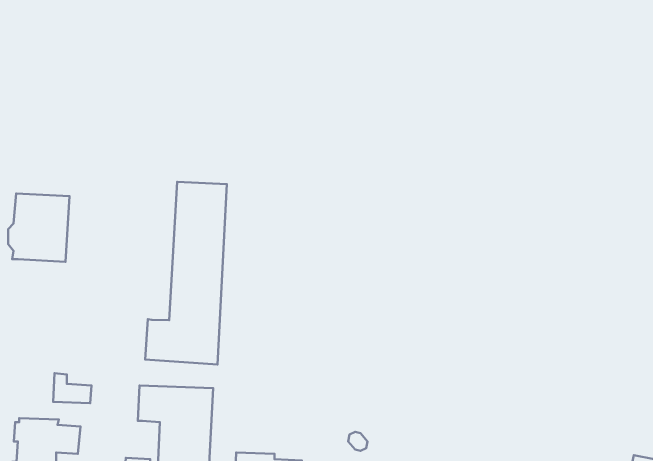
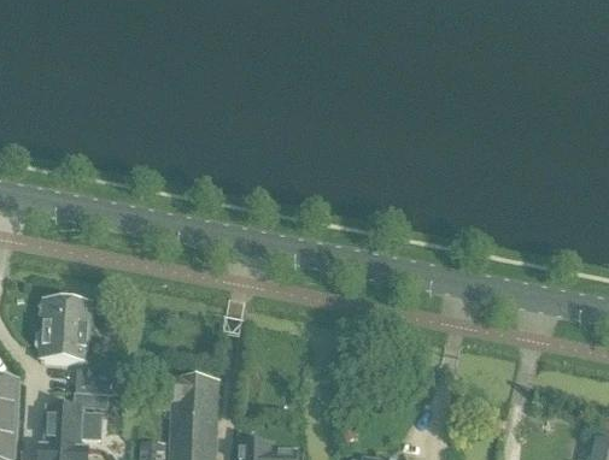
building: [145,182,227,365] -> none
building: [8,193,70,262] -> [35,301,89,361]

